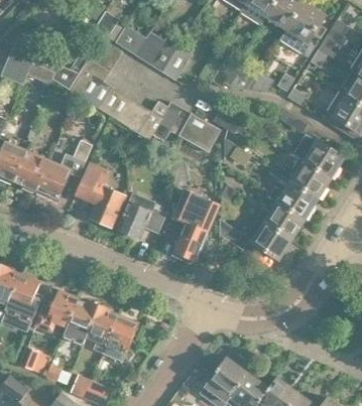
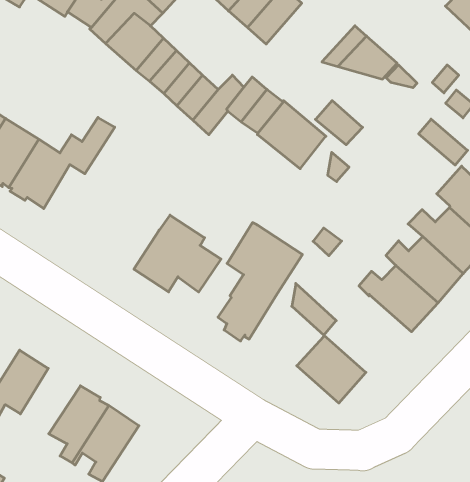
building: [75,161,128,228] -> none
building: [249,221,291,260] -> [297,335,366,403]
building: [62,298,98,341] -> none

